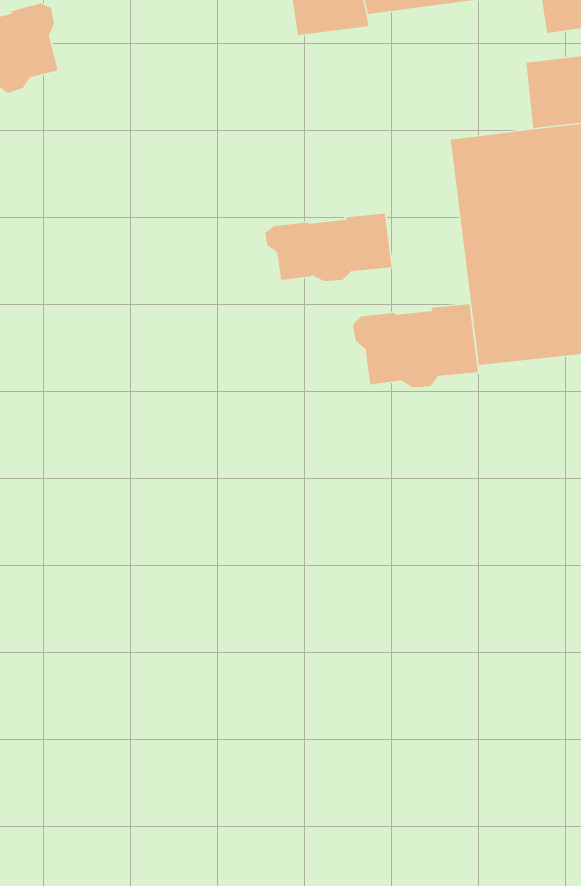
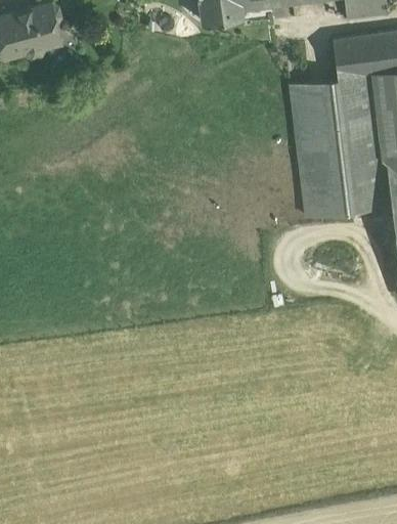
building: [264,213,392,282] -> none
building: [352,304,479,388] -> none

